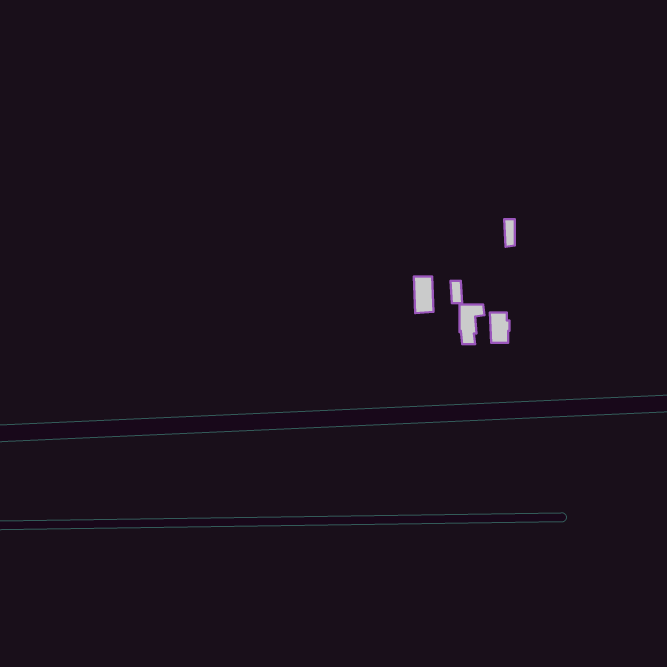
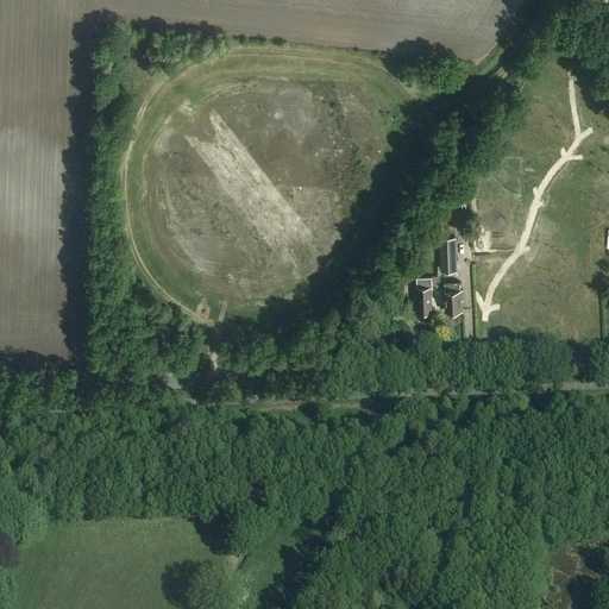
building: [414,276,433,313] -> [442,243,460,276]

